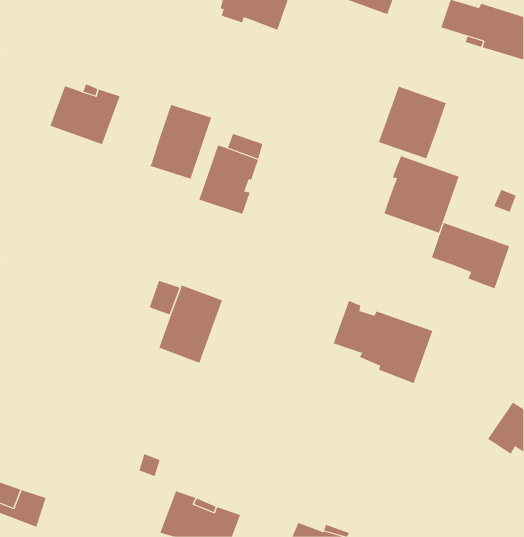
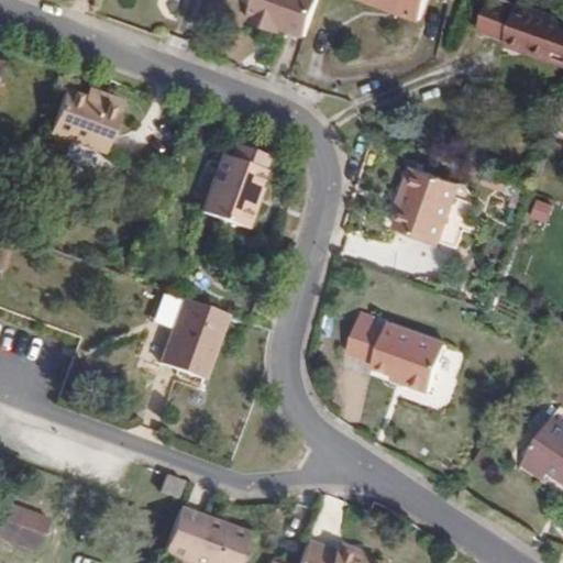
building: [378,86,448,159] -> none
building: [149,104,212,180] -> none
building: [431,222,510,289] -> none

